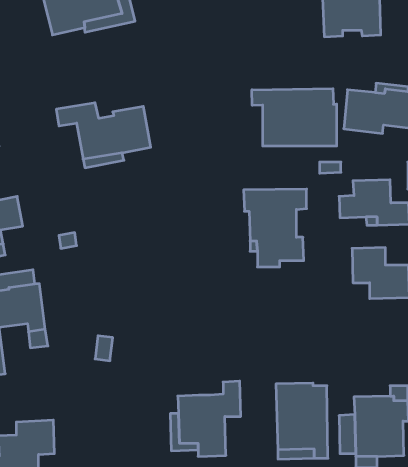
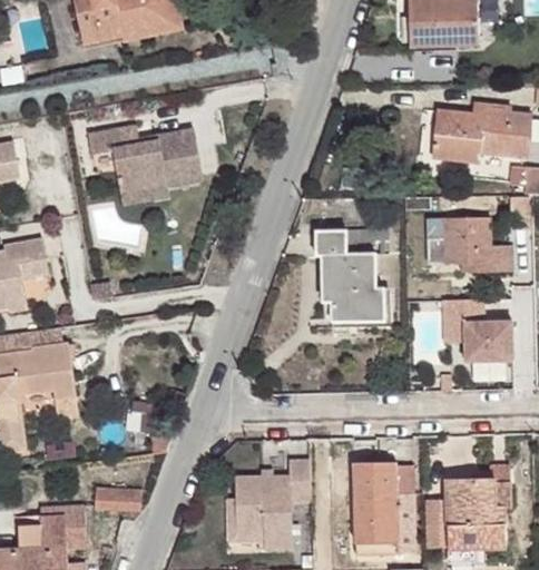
building: [252,89,337,146] -> none
building: none -> [95,488,141,512]

